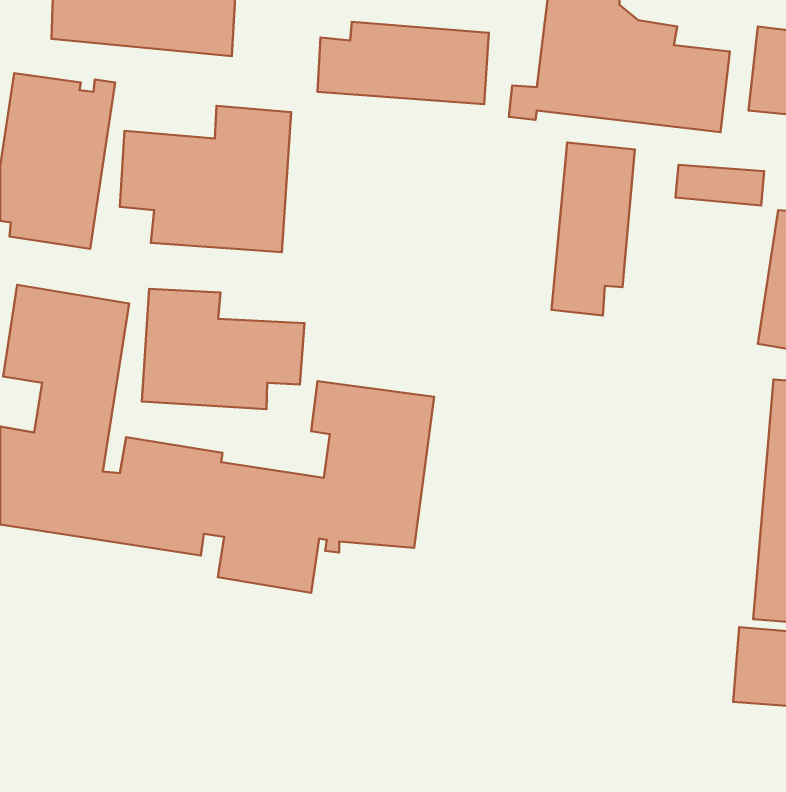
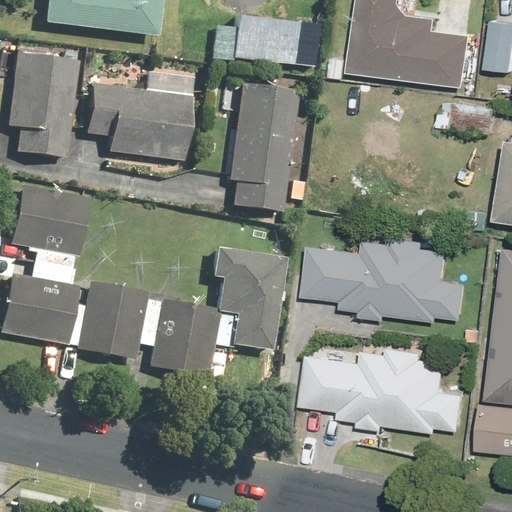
building: none -> [225,83,296,214]
building: [552,143,635,316] -> none
building: [142,289,304,409] -> none
building: none -> [305,233,466,321]
building: none -> [303,345,468,433]

